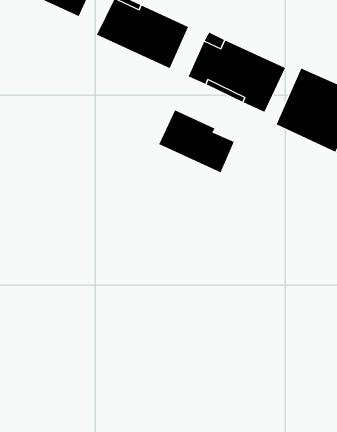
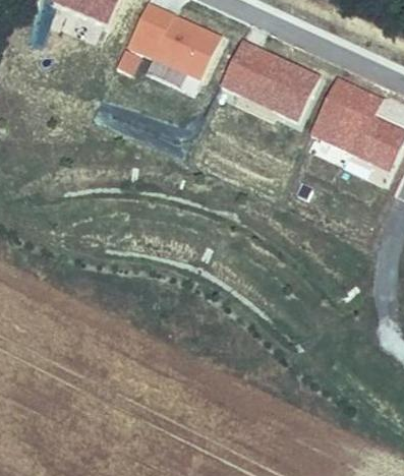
building: [159,110,235,173] -> none

